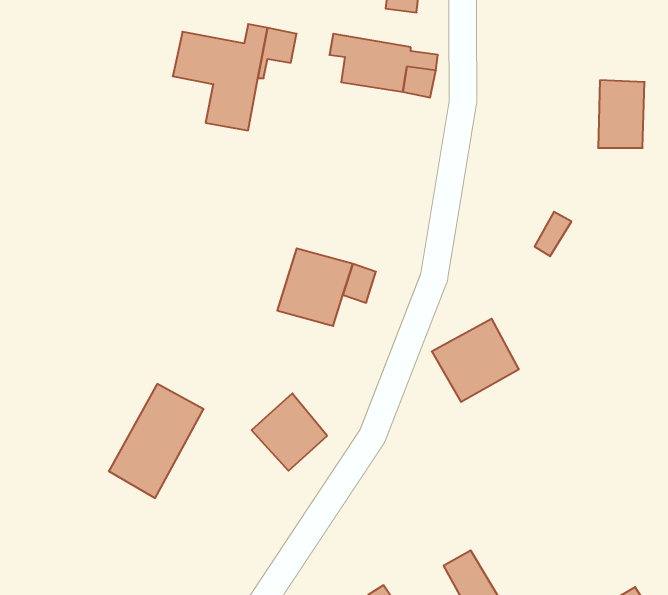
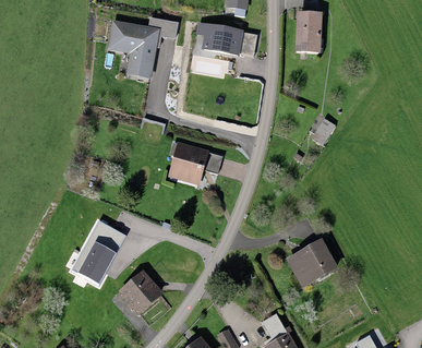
building: [598,80,645,148] -> [296,15,322,53]
building: [432,319,519,402] -> [287,243,336,290]
building: [252,393,327,471] -> [119,269,161,313]

